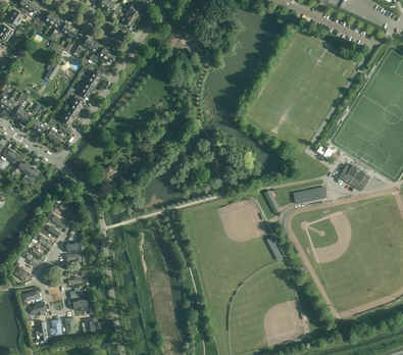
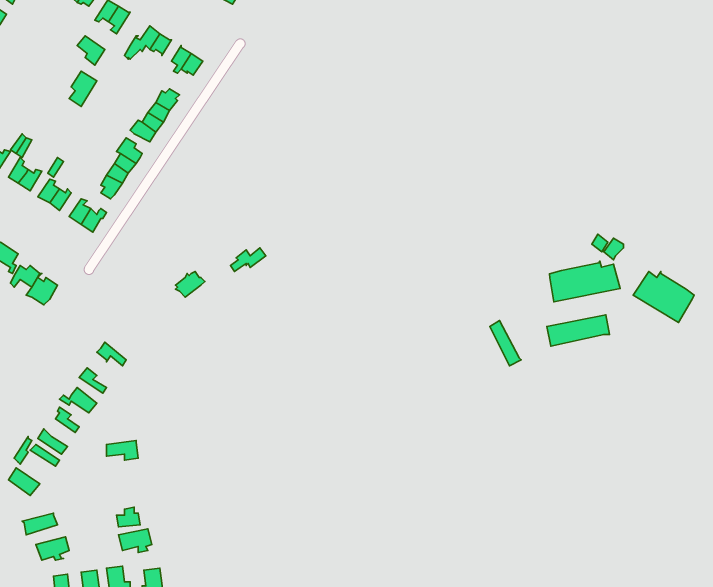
building: none -> [550,261,620,302]

